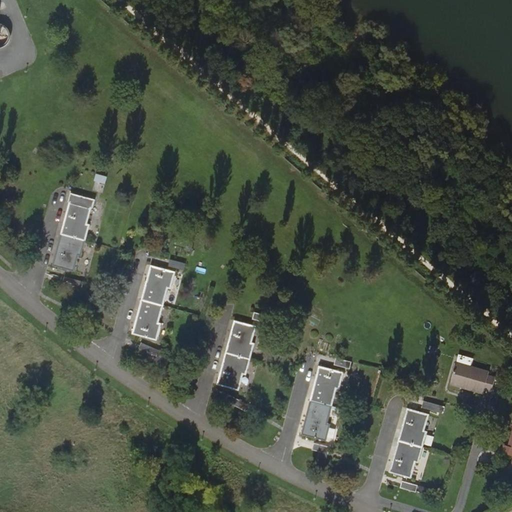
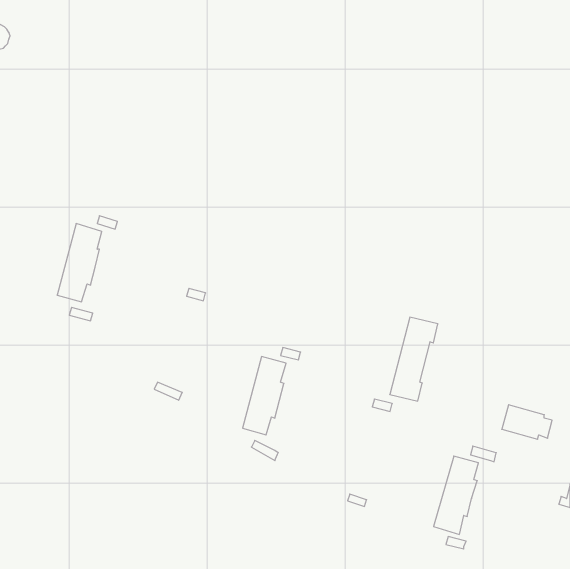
building: [132,264,174,340] -> none
building: [300,365,343,440] -> [390,317,438,401]

